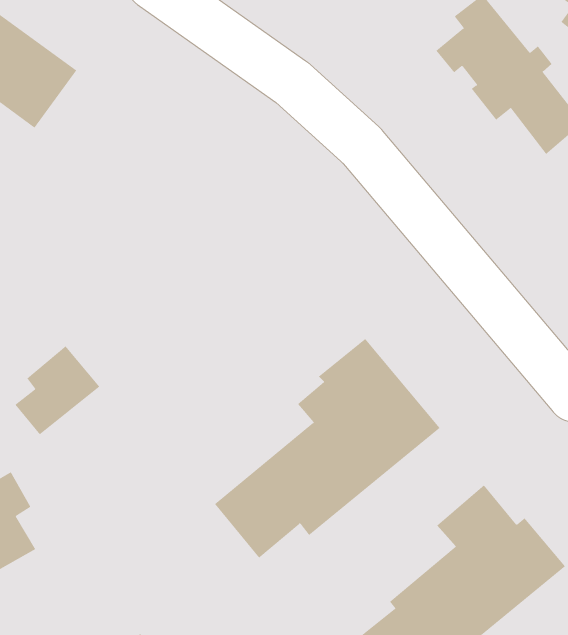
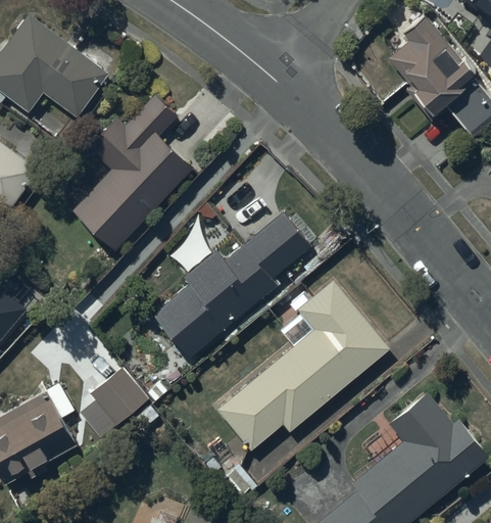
building: none -> [72,94,193,250]
building: none -> [153,211,311,356]
building: [15,346,100,435] -> [81,368,147,437]

